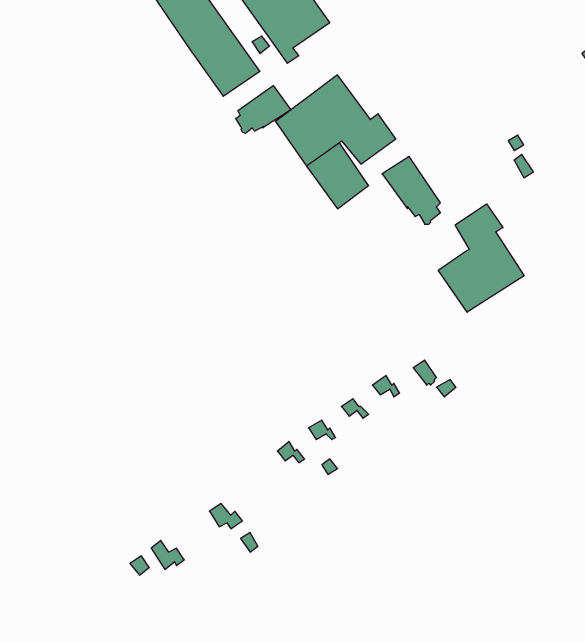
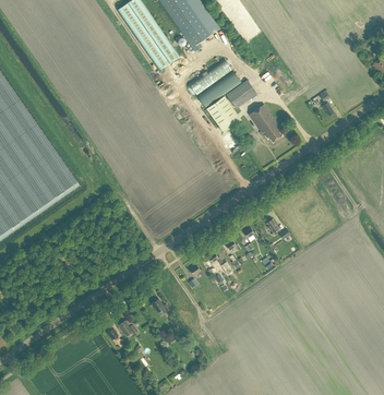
building: [236,86,291,133] -> none
building: [438,204,524,312] -> none

